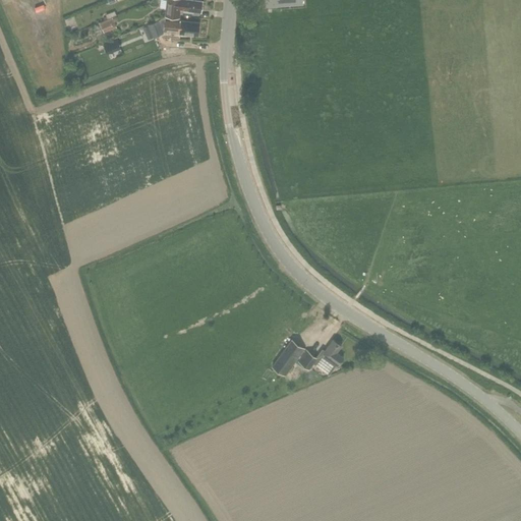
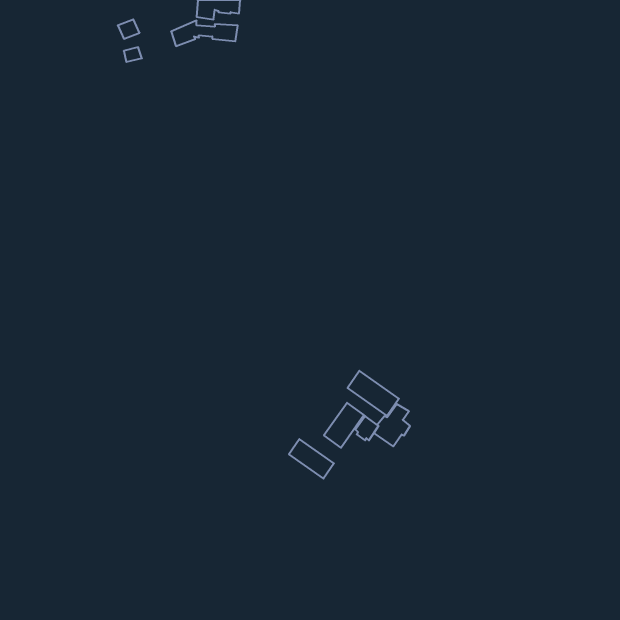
building: none -> [348,371,399,416]
building: none -> [289,439,334,479]

